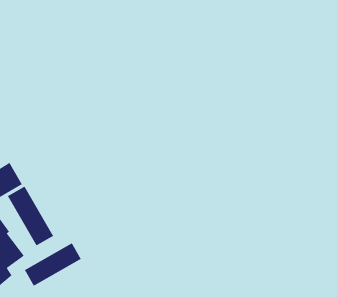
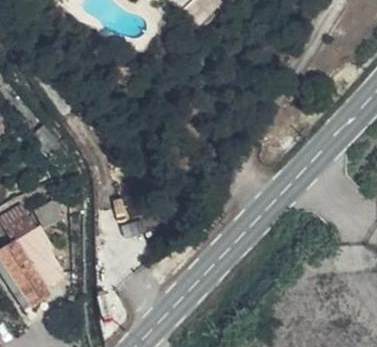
building: [24,242,82,287] -> none

